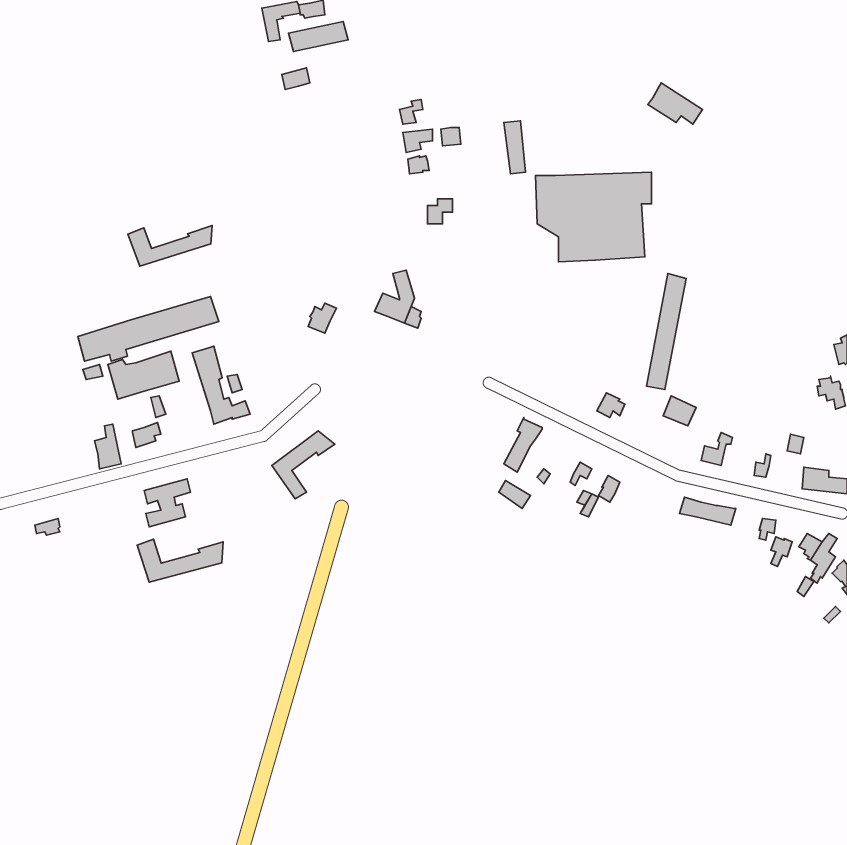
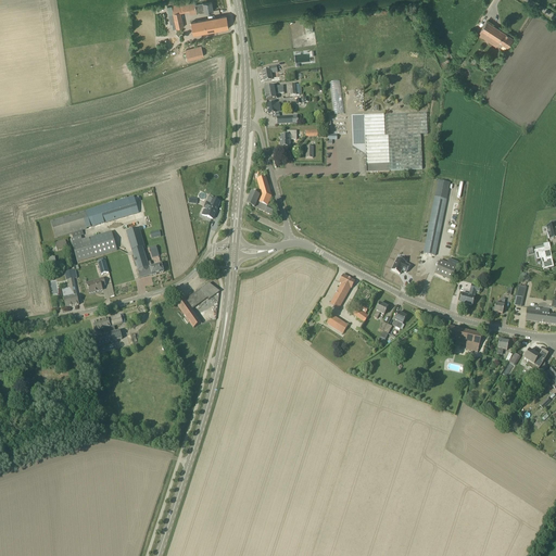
building: [648,83,703,124] -> [478,20,514,47]
building: [128,225,212,266] -> none
building: [137,539,223,582] -> none

